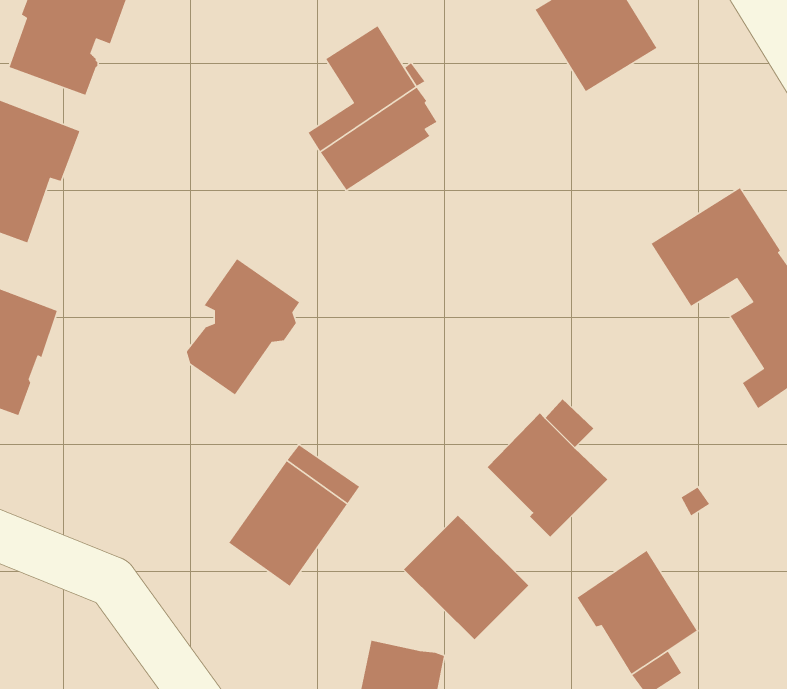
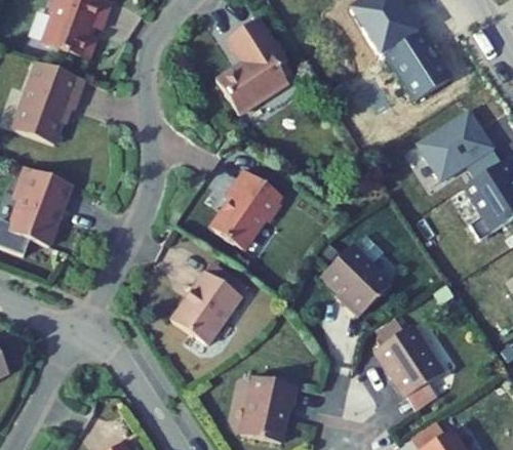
building: none -> [384,31,450,100]
building: [186,258,300,395] -> [213,169,280,249]
building: [403,515,529,640] -> none

